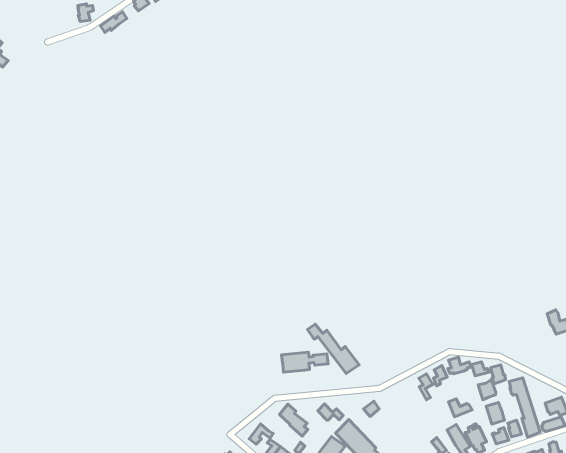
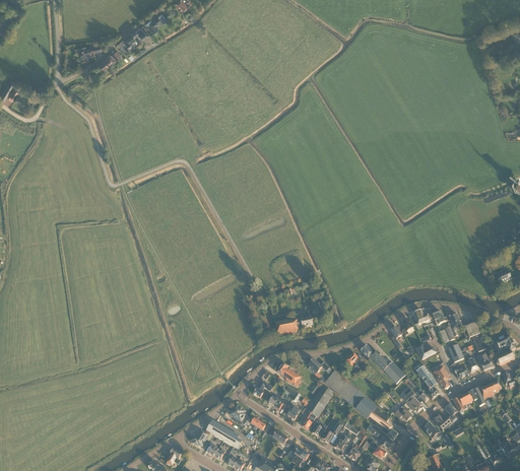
building: [307,324,359,373] -> [360,345,405,384]

